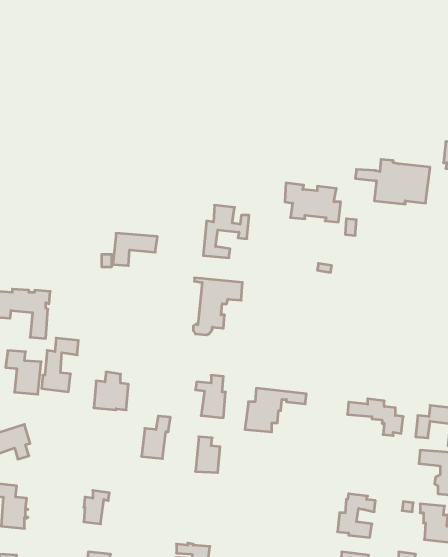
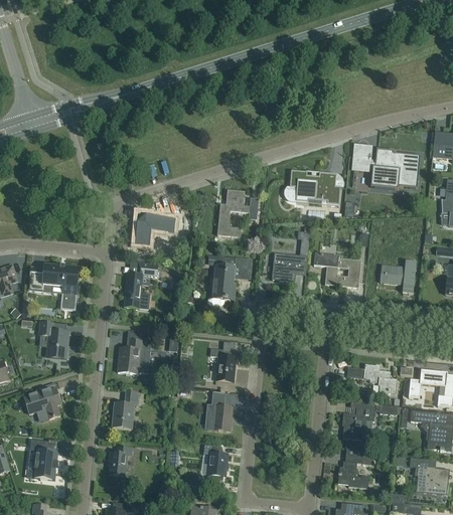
building: none -> [271,252,307,282]
building: none -> [313,252,360,288]
building: none -> [381,260,416,293]
building: [42,338,78,392] -> [124,261,157,309]
building: [245,388,306,432] -> [341,400,397,440]
building: [141,416,170,459] -> [112,390,138,428]
building: none -> [203,444,226,480]

